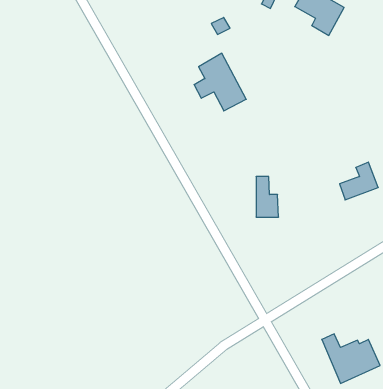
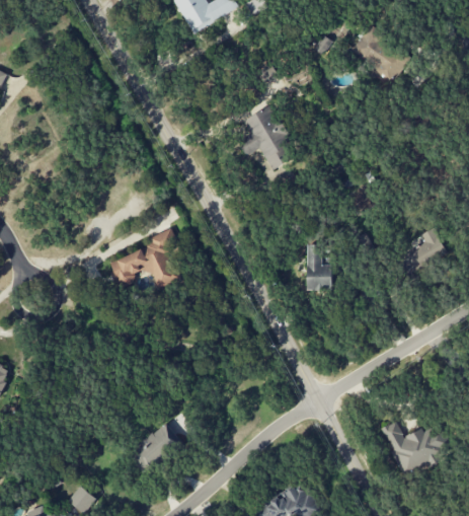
building: none -> [109,228,178,288]
building: none -> [128,422,180,471]

